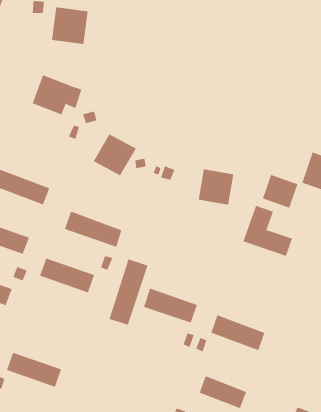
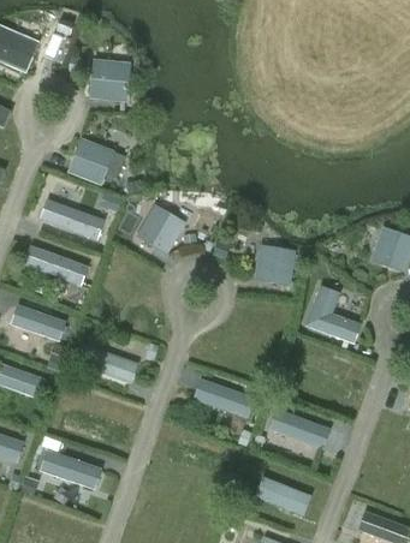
building: [262,174,298,208] -> none
building: [64,211,122,247] -> [38,198,103,239]
building: [109,258,148,325] -> none

